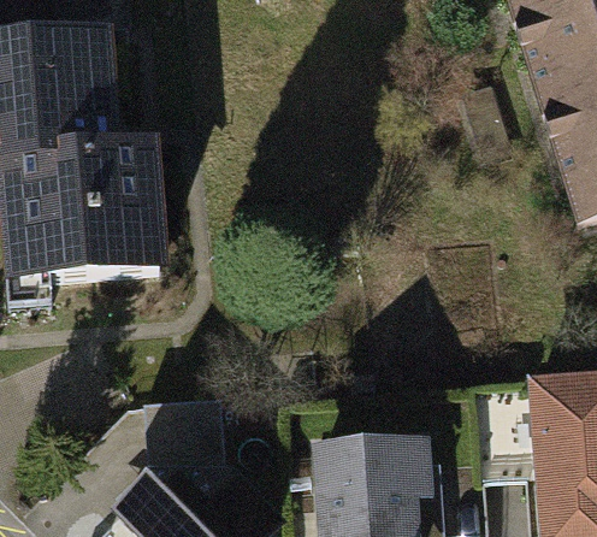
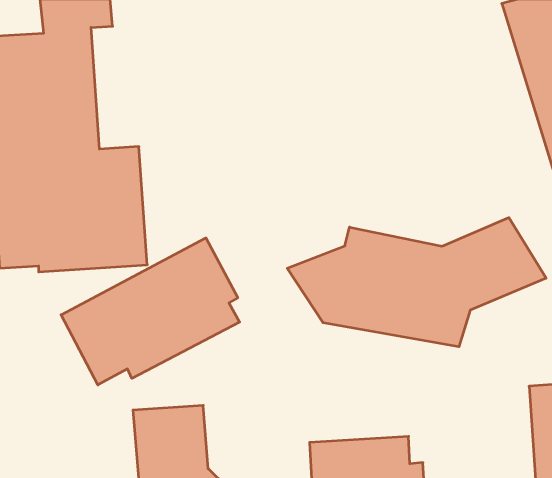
building: none -> [287,218,546,347]
building: none -> [61,238,240,385]

